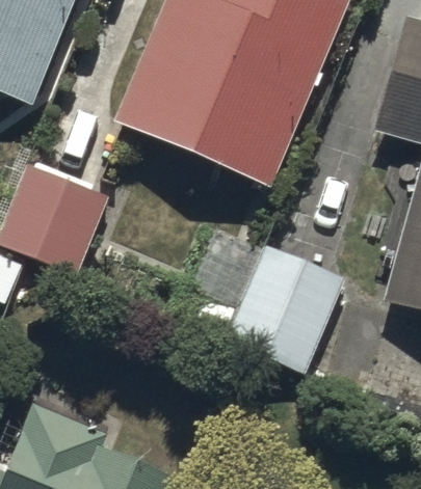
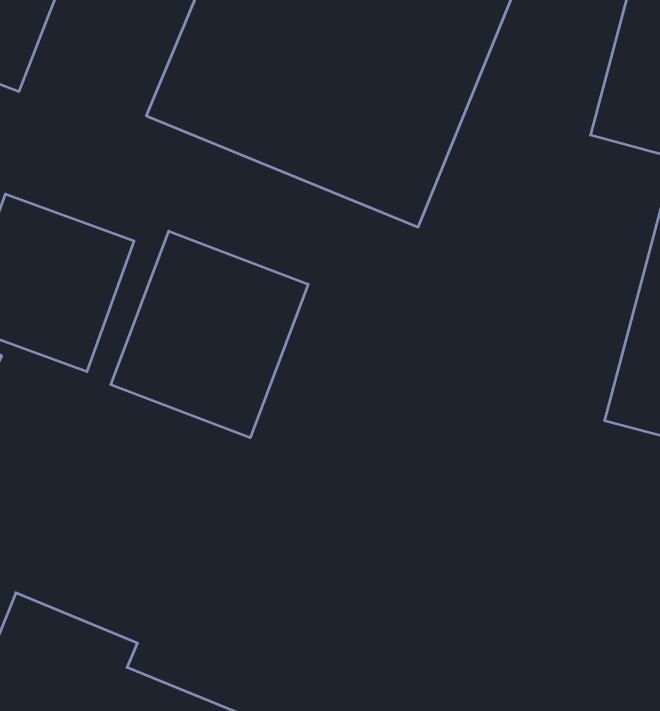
building: none -> [111,231,308,438]
building: [195,247,341,373] -> none

